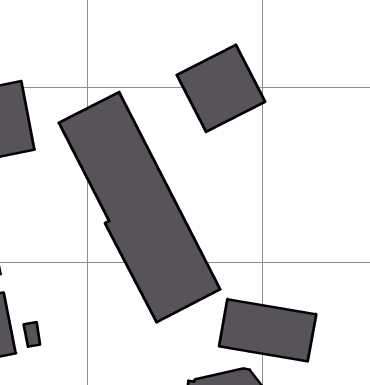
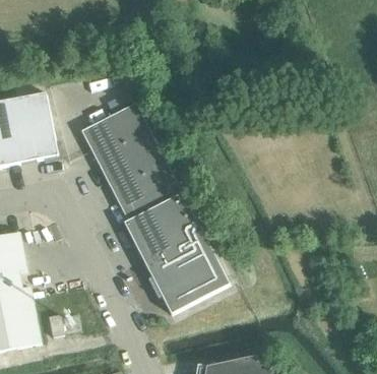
building: [177,45,265,132] -> none
building: [219,299,316,361] -> none

